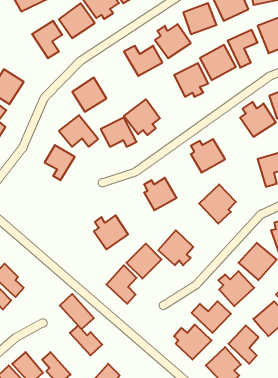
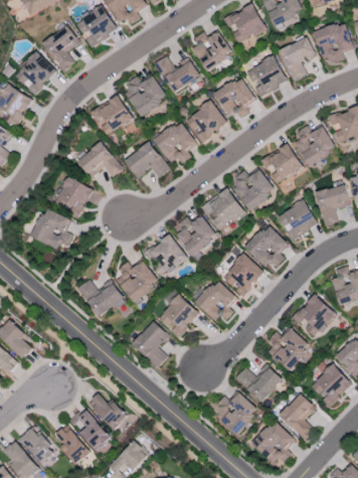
building: none -> [12,50,57,96]
building: none -> [125,75,166,116]
building: none -> [184,100,228,144]
building: none -> [260,144,302,183]
building: none -> [200,187,244,231]
building: none -> [277,200,318,241]
building: none -> [31,208,71,251]
building: none -> [143,234,186,277]
building: none -> [221,254,263,297]
building: none -> [76,280,123,317]
building: [60,294,94,329] -> [68,409,110,451]

